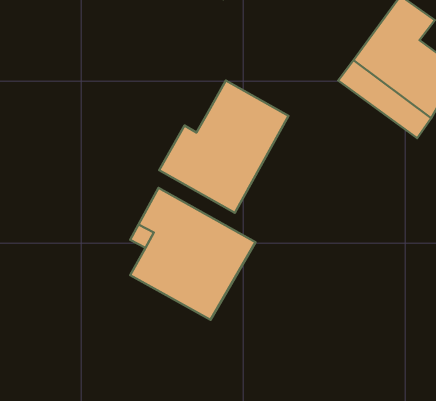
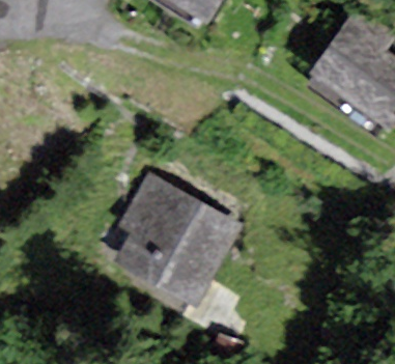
building: [159,80,289,213] -> none

